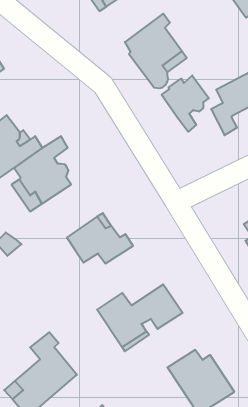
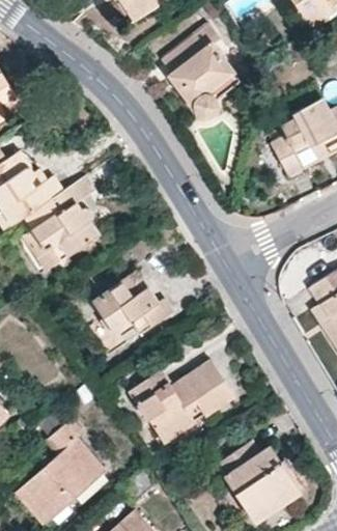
building: [162,75,209,132] -> none

